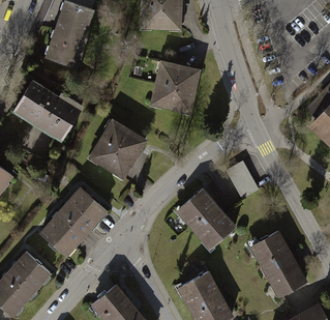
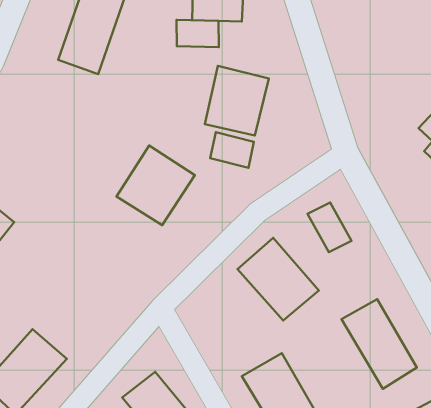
building: none -> [177,20,219,47]
building: [12,82,81,142] -> none
building: none -> [210,132,254,168]
building: [40,187,107,256] -> none

